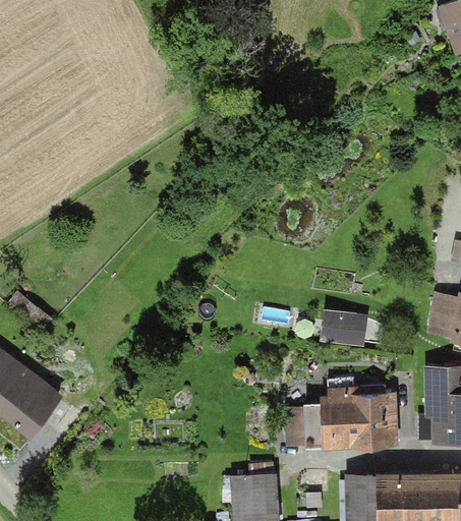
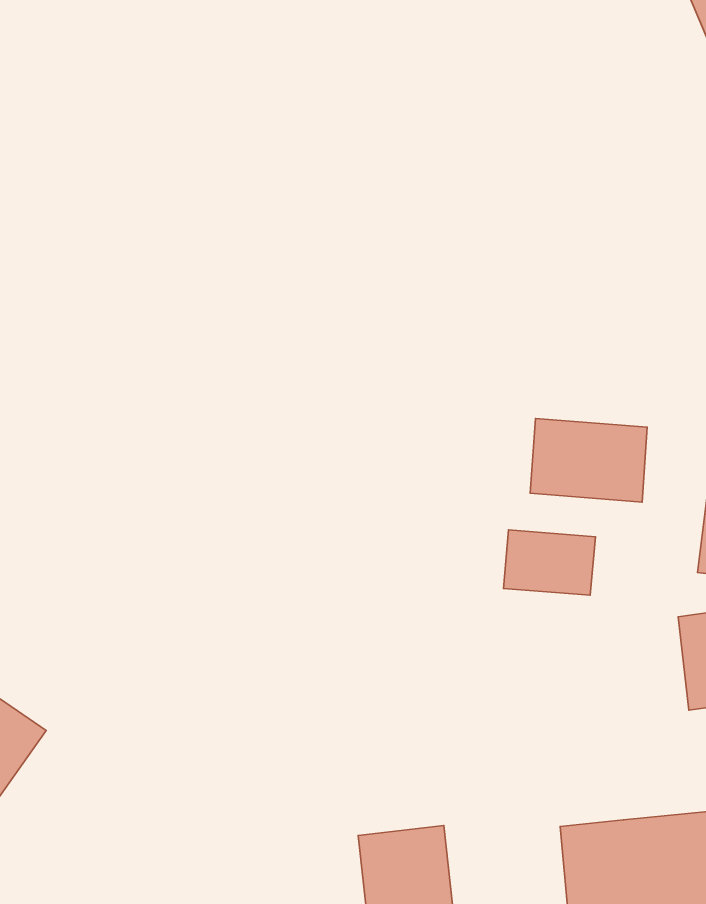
building: none -> [530,418,647,502]
building: [288,396,398,451] -> none

